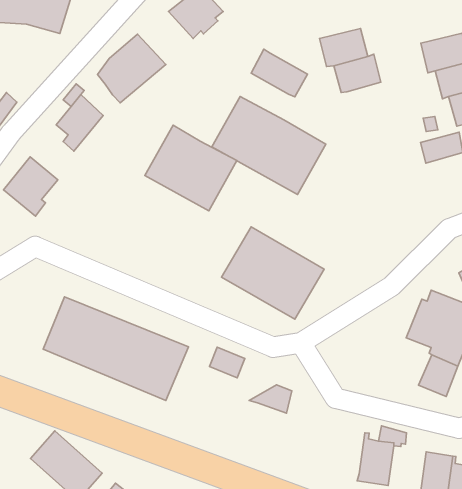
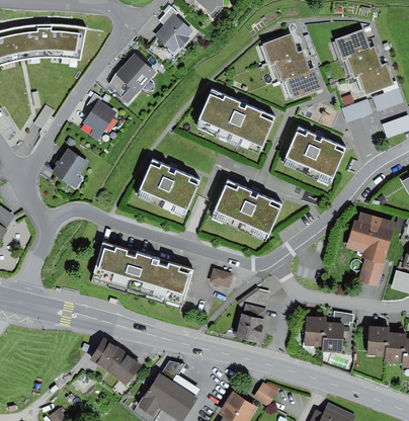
building: [251,49,308,97] -> none
building: none -> [285,67,321,99]
building: [145,125,237,211] -> [136,160,199,218]
building: none -> [281,127,346,185]
building: none -> [235,304,266,342]
building: none -> [303,316,323,346]

